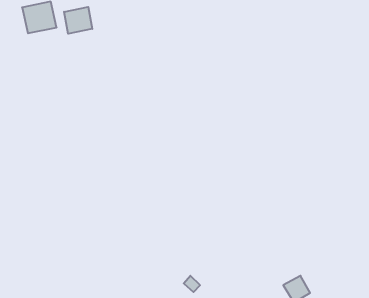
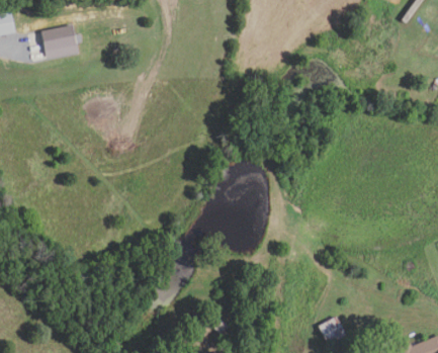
building: [64,7,92,34] -> none

